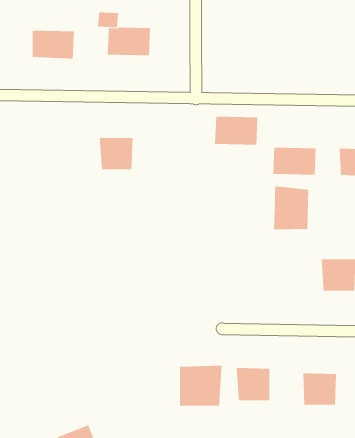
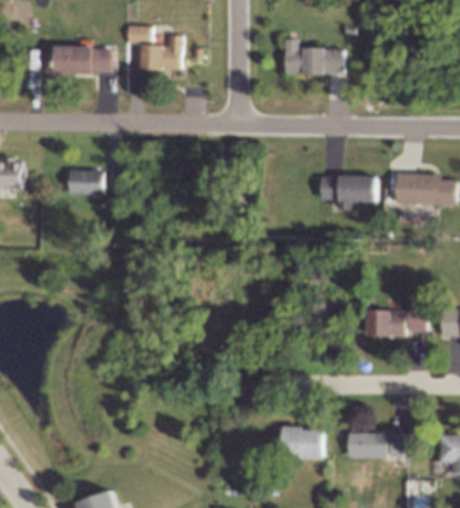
building: [214,116,258,145] -> [289,48,338,81]
building: [99,138,133,170] -> [67,165,106,201]
building: [274,186,309,230] -> none
building: [179,365,222,406] -> none

